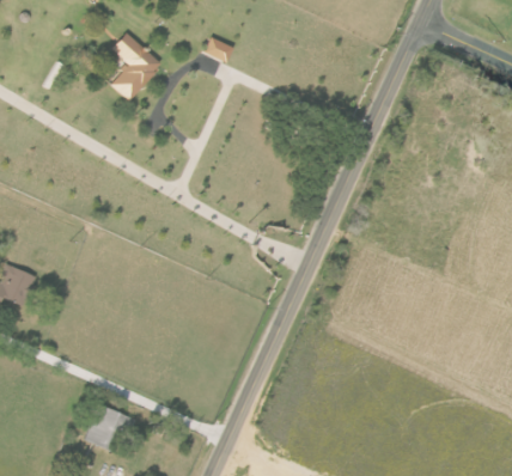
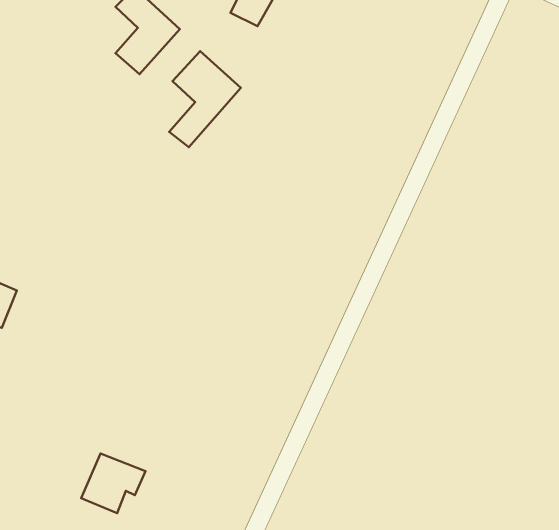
building: none -> [169,51,241,147]

